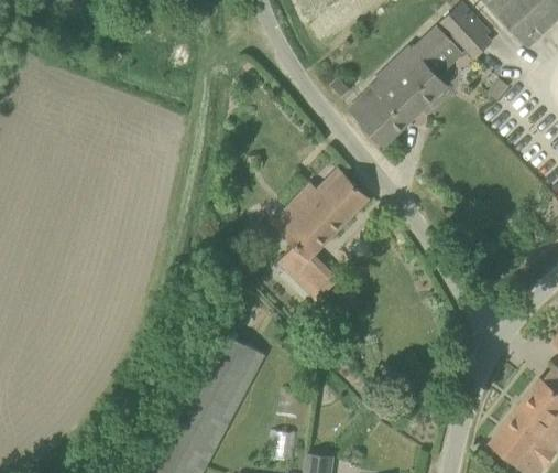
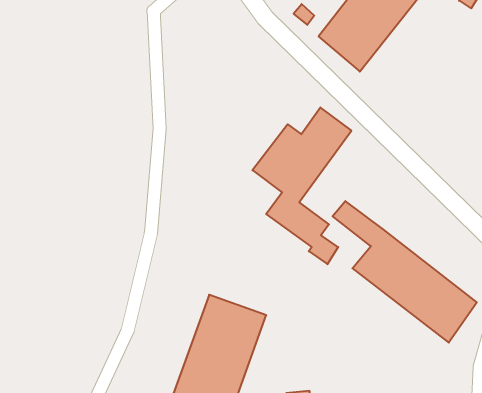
building: none -> [333,201,477,343]

